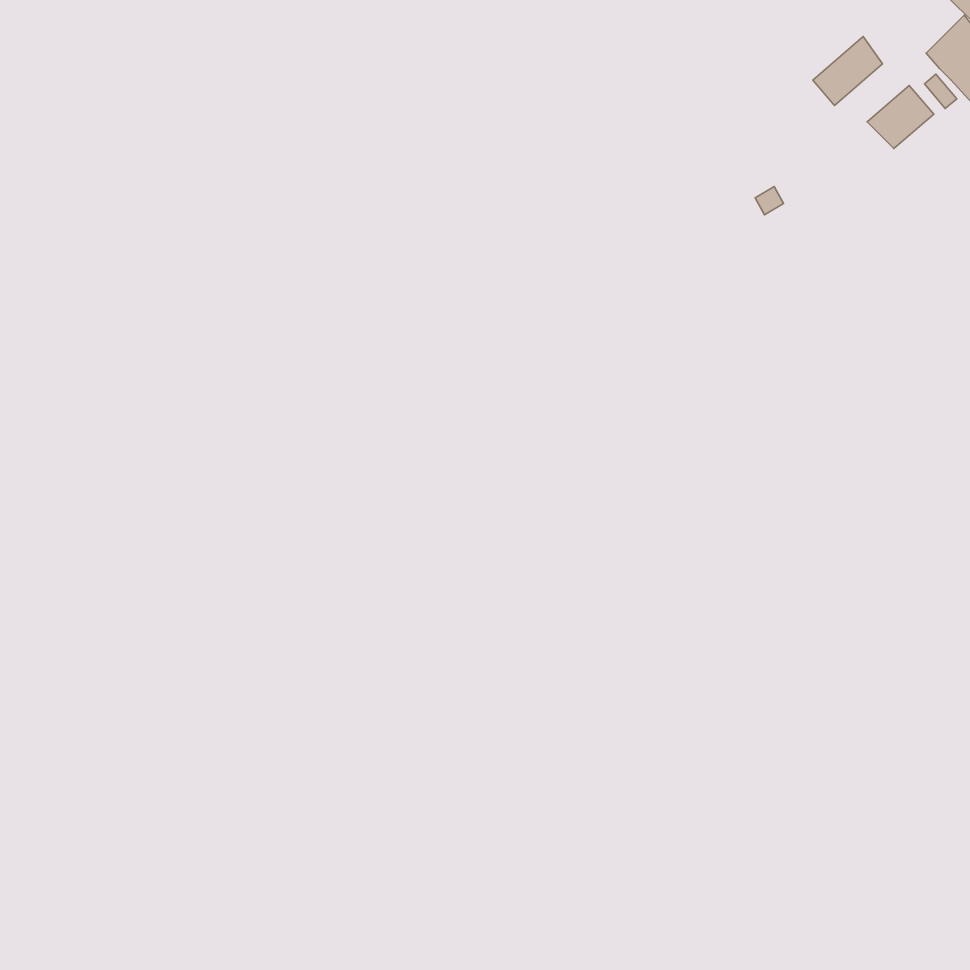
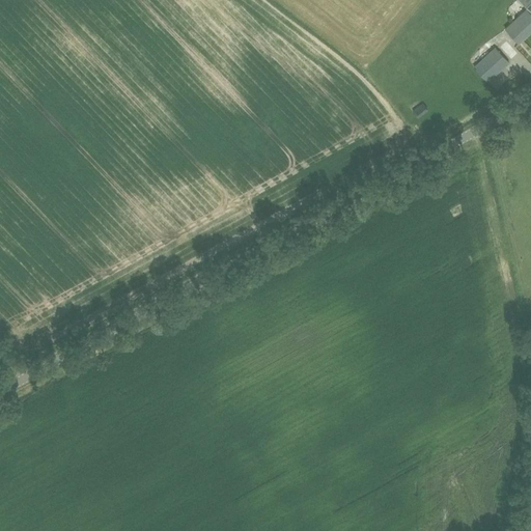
building: [813,37,883,106] -> none

